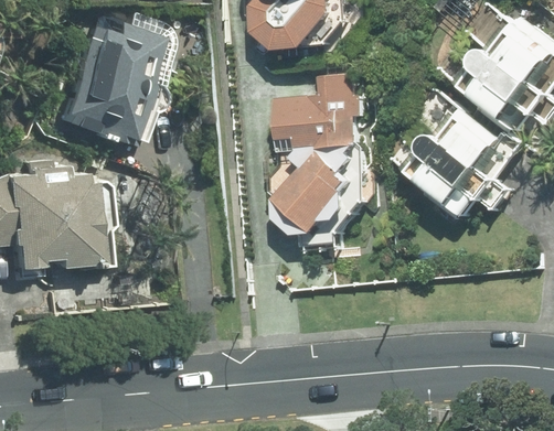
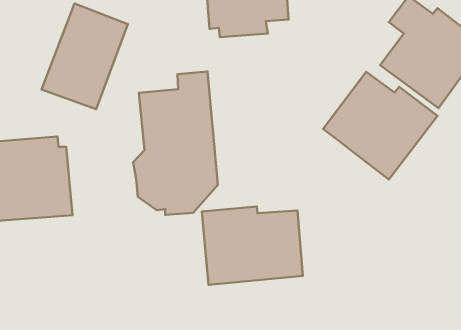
building: [268,77,367,246] -> [133,71,218,215]
building: none -> [202,207,303,285]

